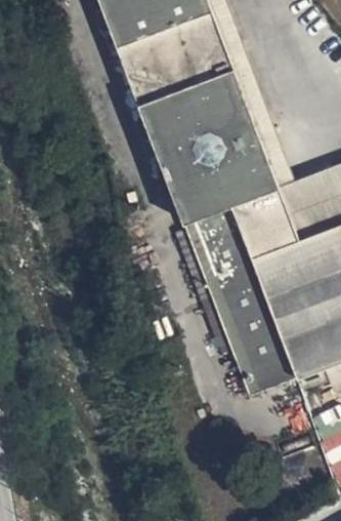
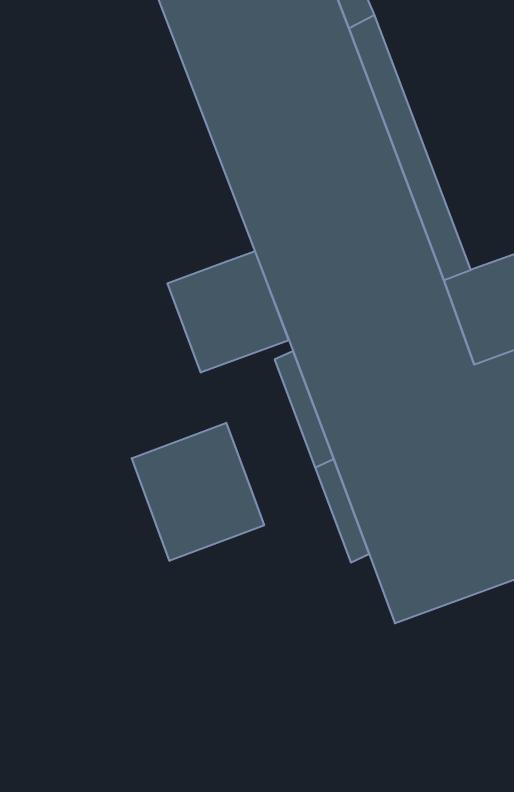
building: none -> [167,251,288,373]
building: none -> [132,423,264,561]

